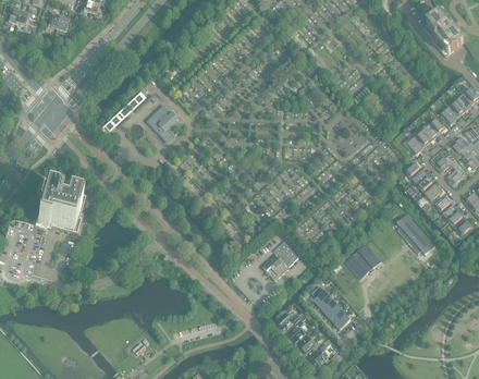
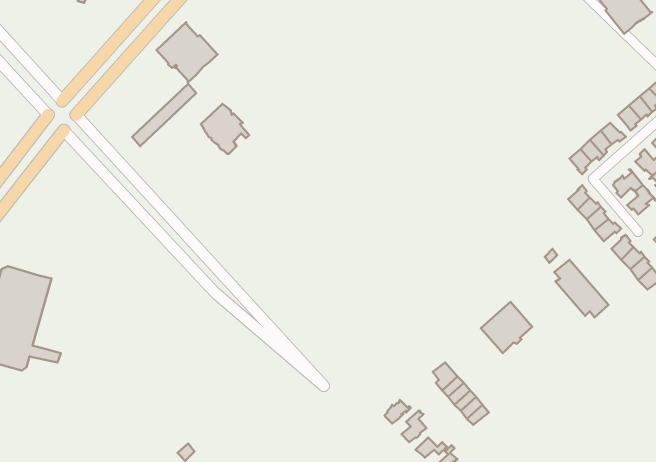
building: none -> [157,22,217,83]
building: [38,178,85,232] -> none
building: [261,241,297,280] -> none

